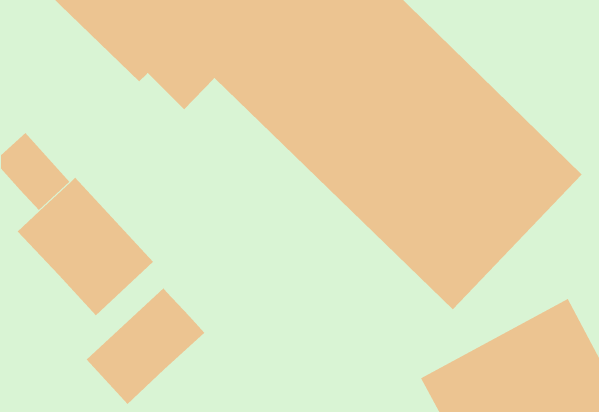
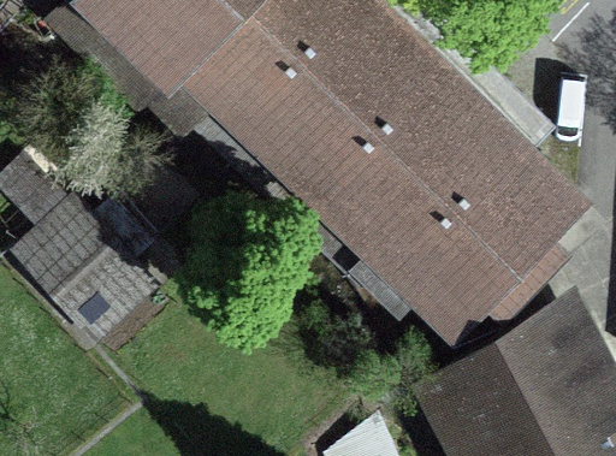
building: [86,287,205,405] -> none

